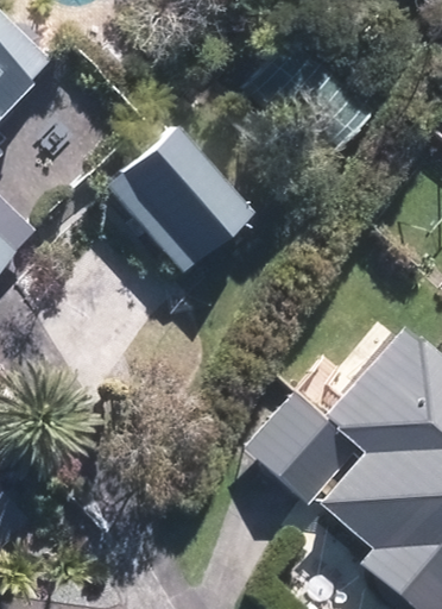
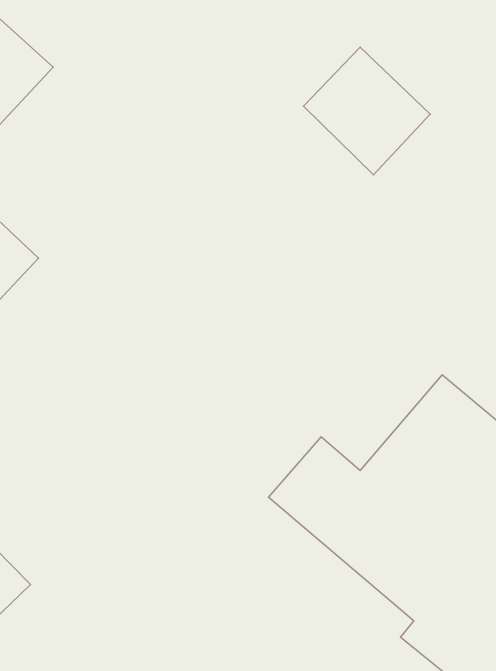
building: [103,124,251,276] -> none

